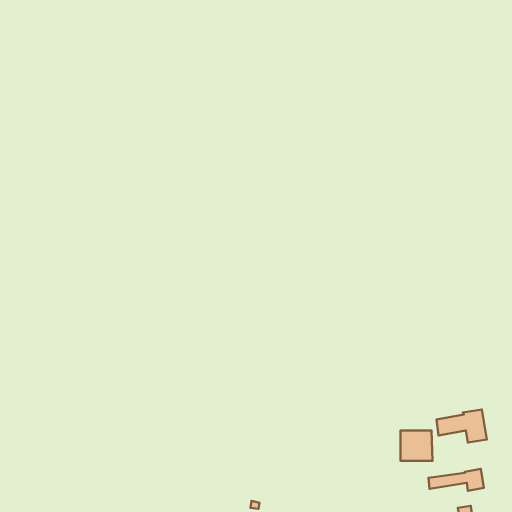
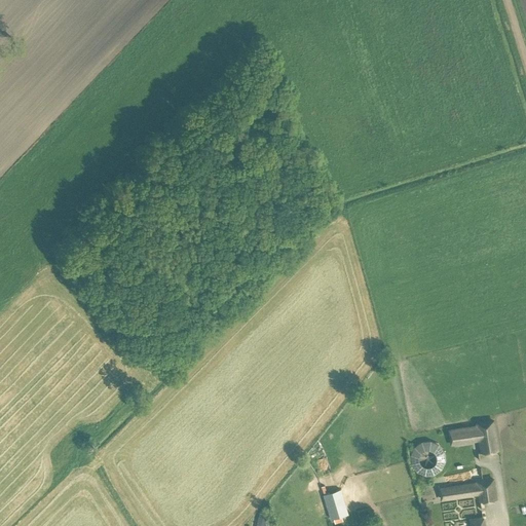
building: none -> [318,487,348,520]

